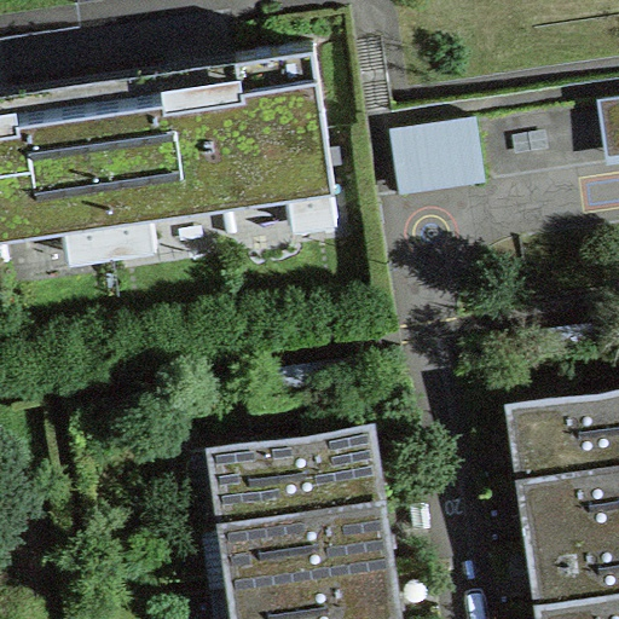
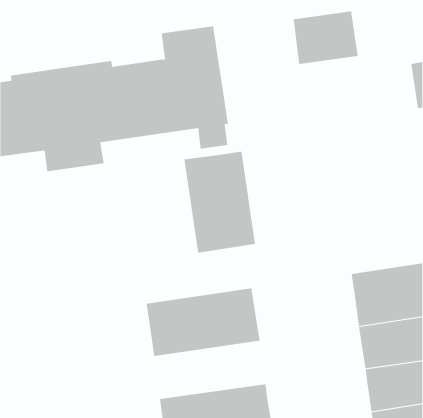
building: [391,117,486,196] -> [293,11,358,65]
building: none -> [184,151,256,253]
building: [224,505,388,590] -> none

